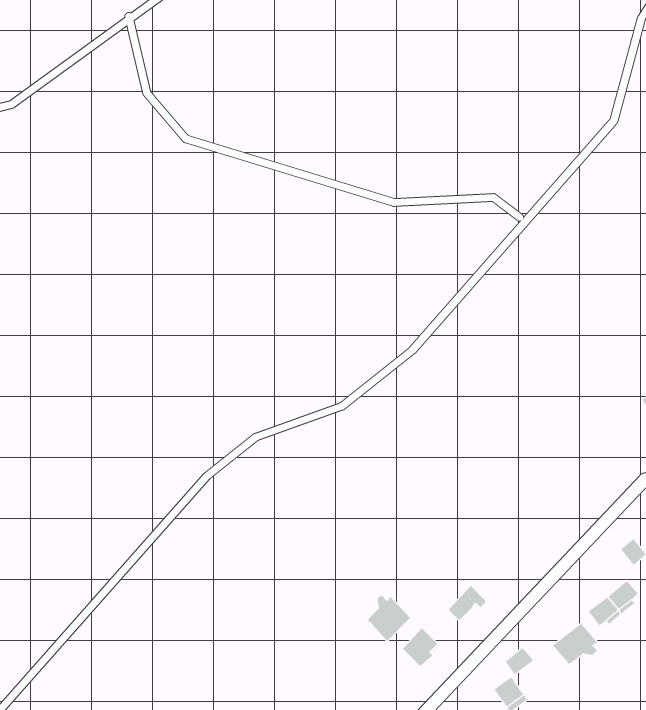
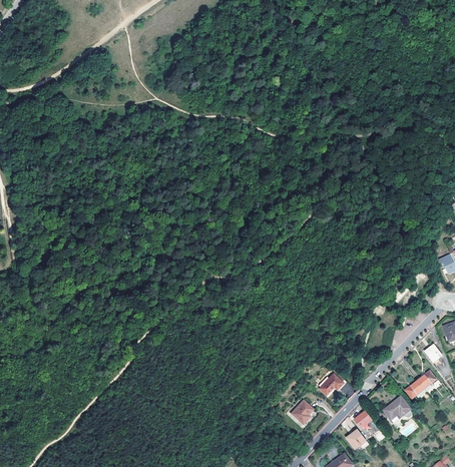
building: [367,594,411,642] -> none

